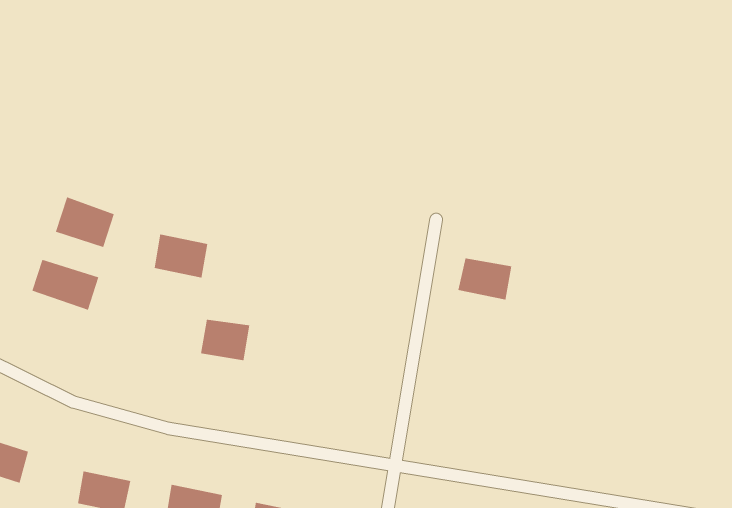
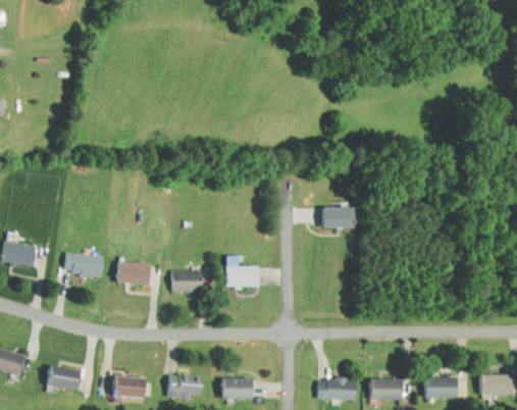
building: [55,197,114,248] -> none
building: [154,234,208,278] -> [117,261,148,284]
building: none -> [225,255,257,287]

